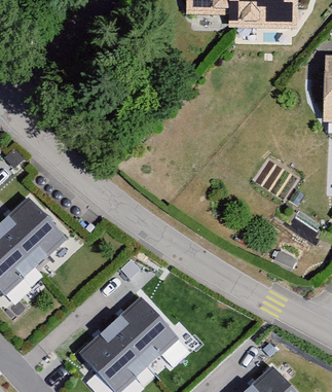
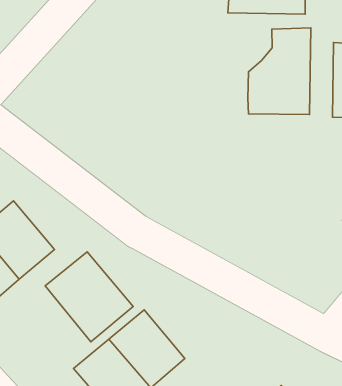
building: none -> [248,28,311,115]
building: none -> [45,252,133,342]

